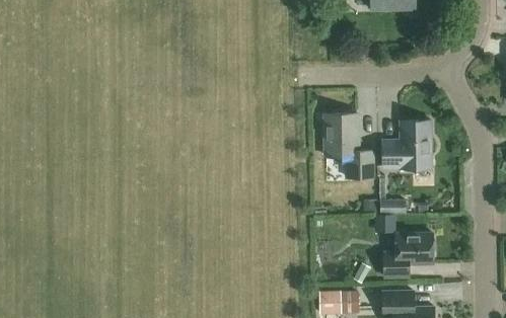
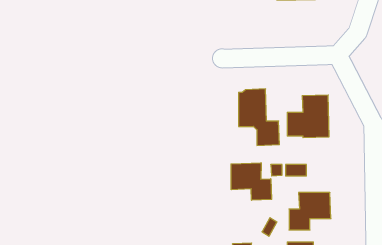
building: none -> [231,163,272,200]

